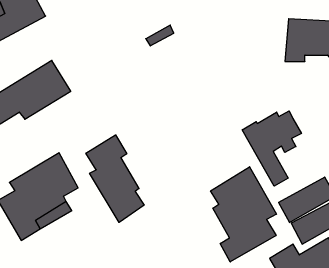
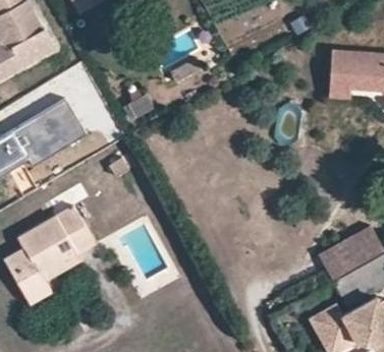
building: [242,111,301,186] -> none
building: [86,135,144,222] -> none
building: [211,167,276,262] -> none

